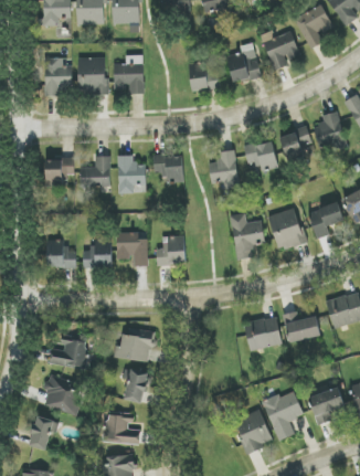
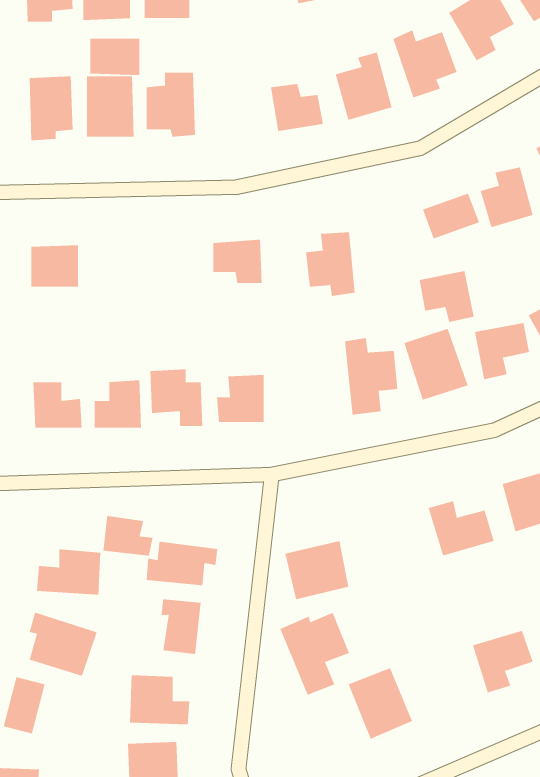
building: none -> [90,38,140,76]
building: [244,140,277,171] -> [419,270,474,322]
building: [117,155,146,193] -> none
building: [81,156,110,188] -> none
building: [243,316,282,351] -> [284,540,349,600]
building: none -> [103,515,153,556]
building: [262,391,304,441] -> [279,612,350,696]

